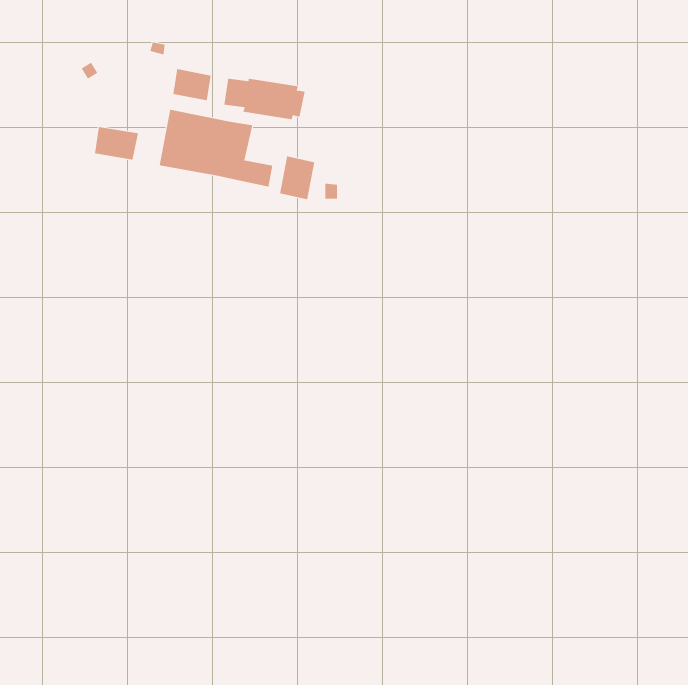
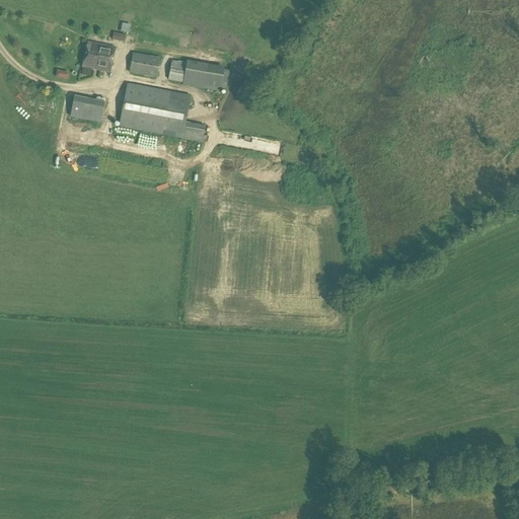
building: none -> [82,40,115,69]
building: [279,155,315,200] -> none

